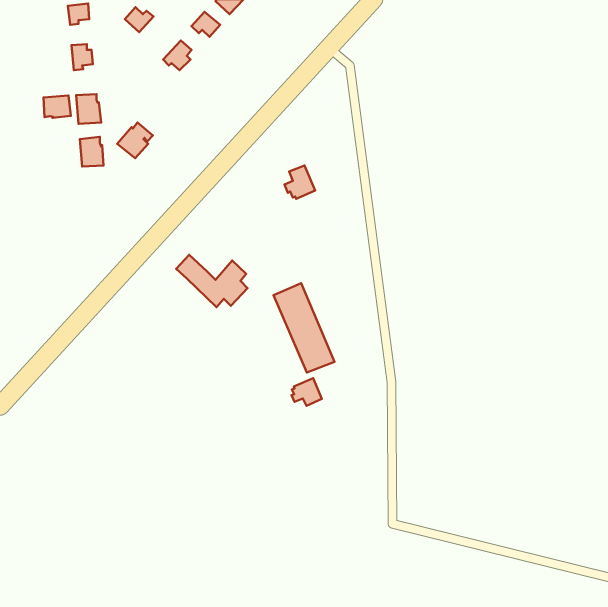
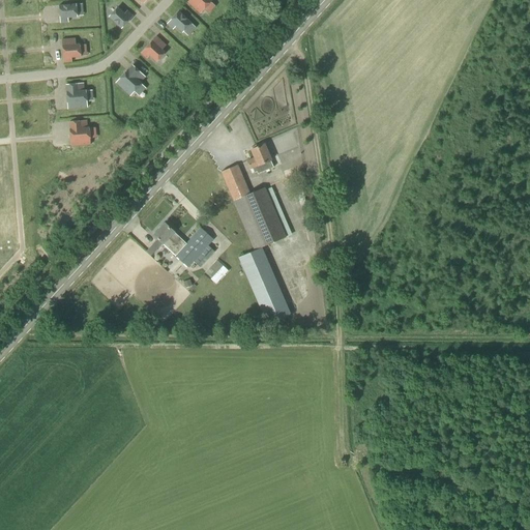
building: [43,96,71,118] -> none
building: [117,122,153,158] -> [115,64,146,95]
building: none -> [220,164,286,249]
building: [292,378,322,406] -> none

